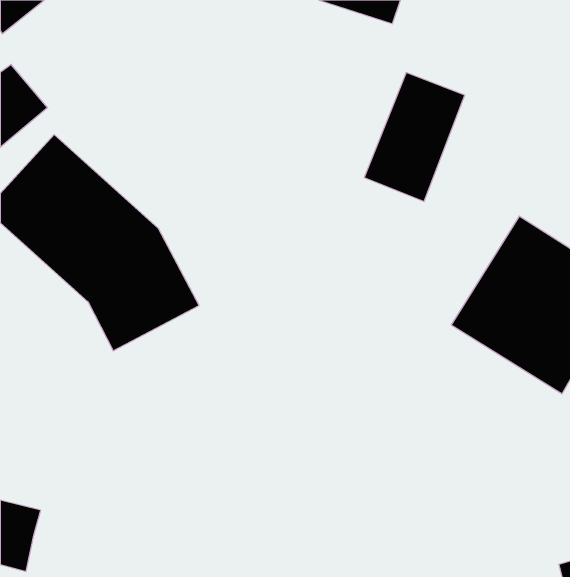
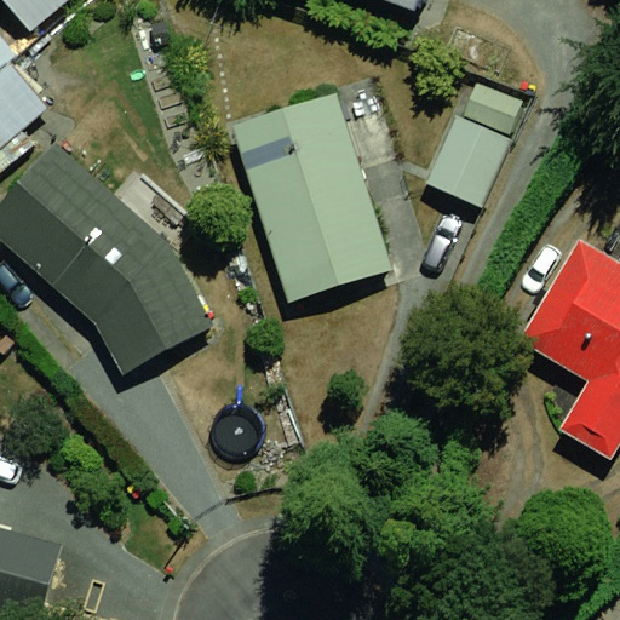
building: none -> [224,91,390,306]

